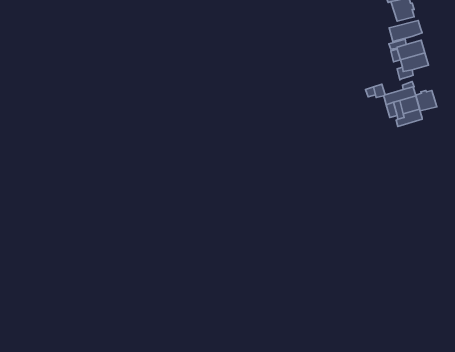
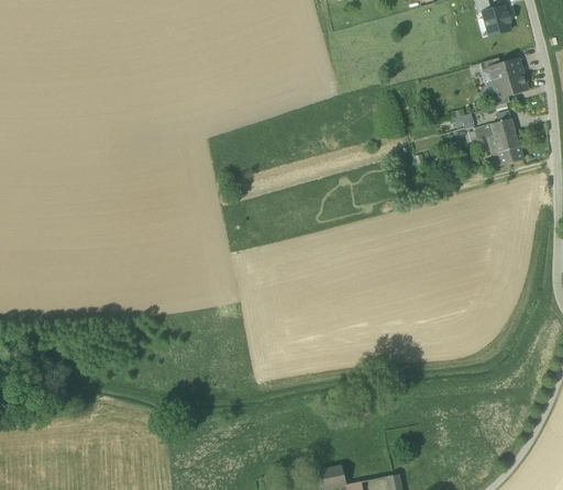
building: [389,21,422,42] -> none
building: [416,90,437,111] -> none

